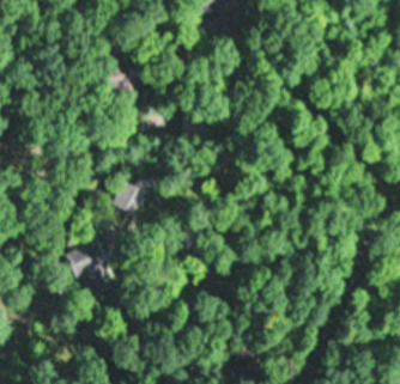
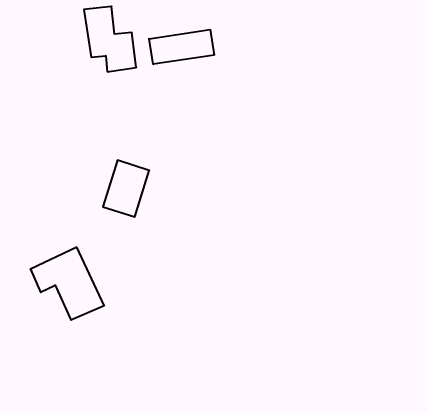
building: none -> [149,30,214,64]

